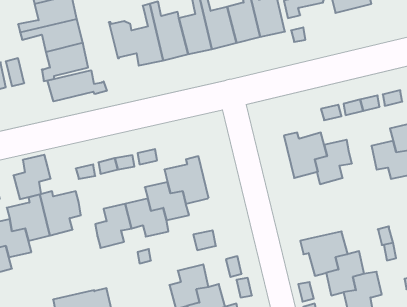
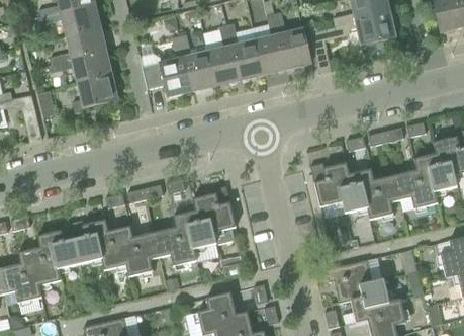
building: [47,70,107,101] -> none
building: none -> [364,175,400,219]
building: [13,155,51,199] -> [99,226,135,269]

